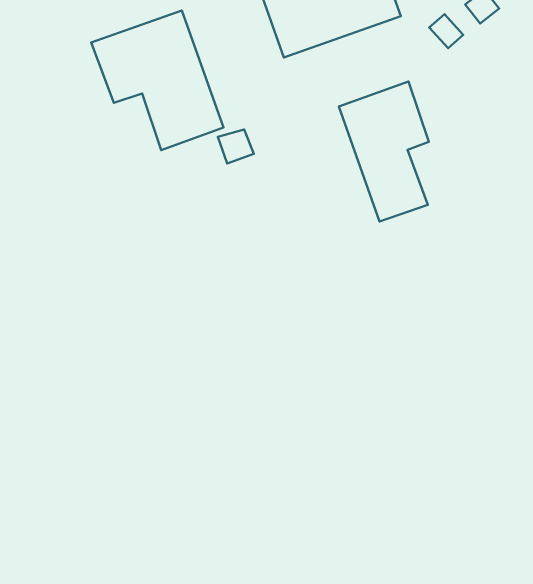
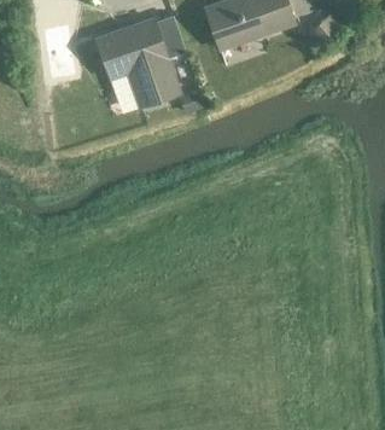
building: [339,82,429,222] -> none

